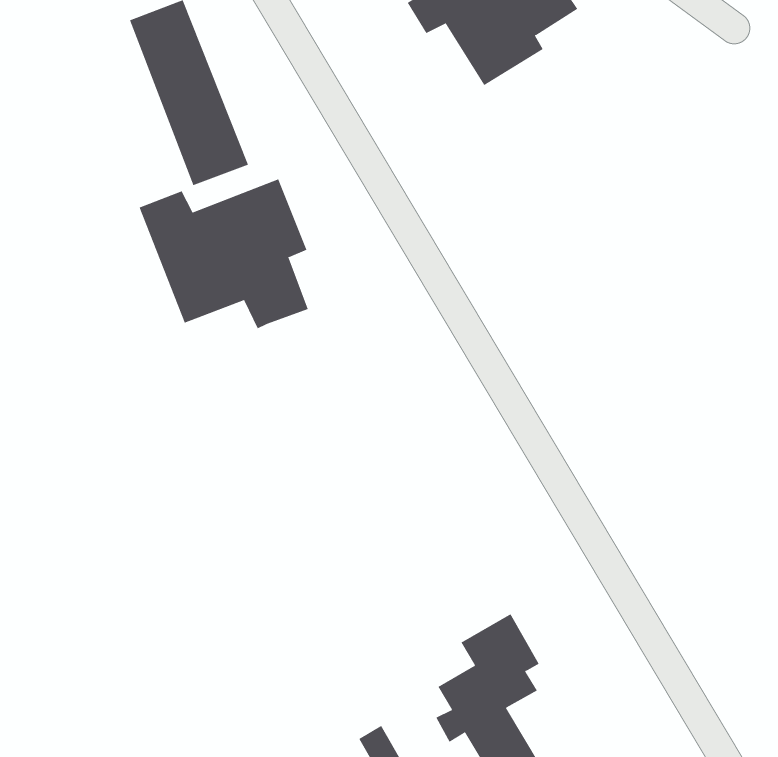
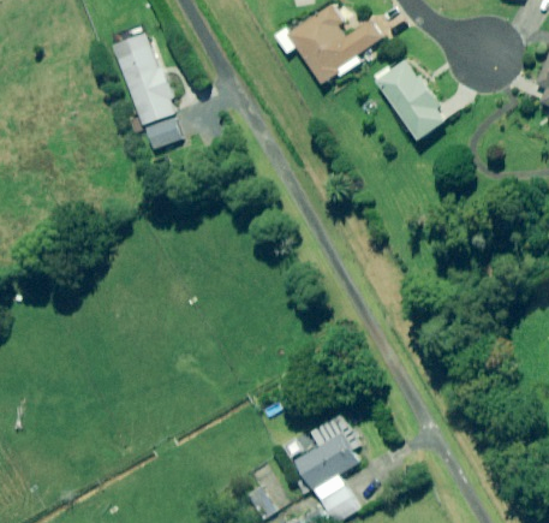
building: none -> [372,58,452,139]
building: [139,178,309,329] -> none

